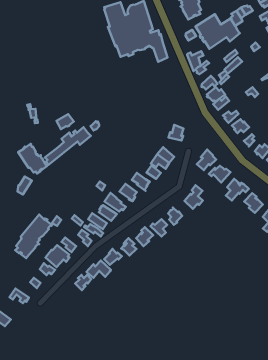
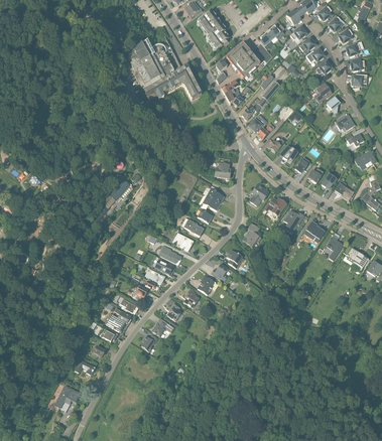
building: [18,144,47,173] -> none
building: [15,215,52,258] -> none

